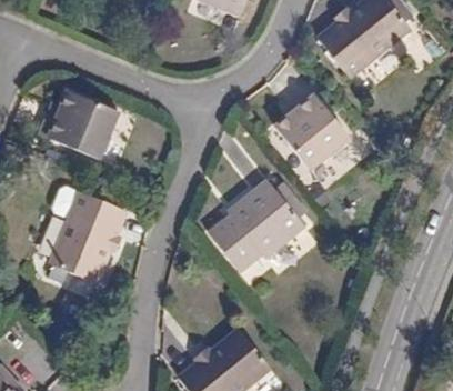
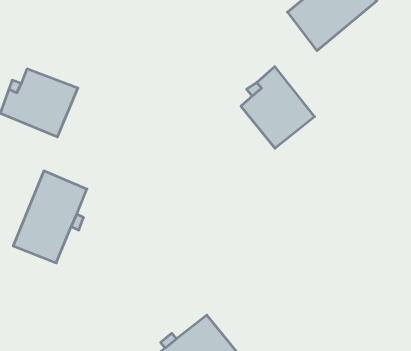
building: [212,181,305,271] -> none

